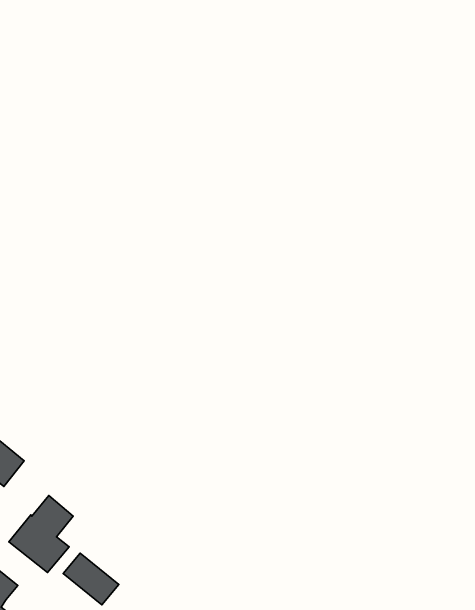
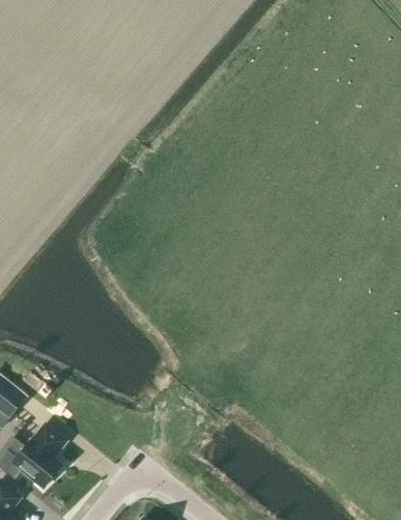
building: [63,553,119,605] -> none

